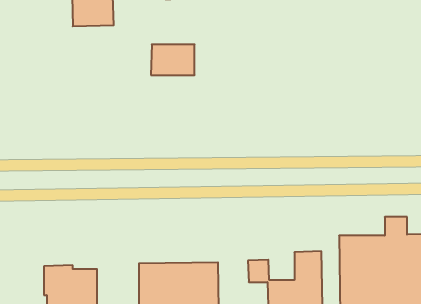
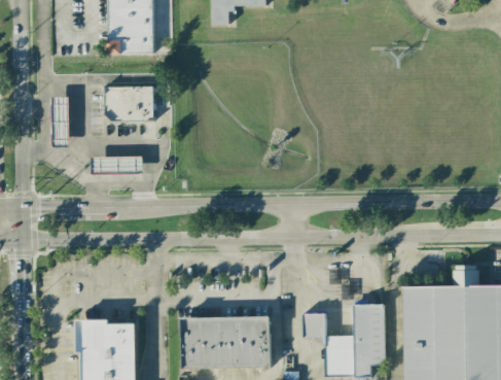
building: [151,44,195,75] -> [105,85,153,119]
building: none -> [51,96,70,144]
building: none -> [92,156,143,173]

